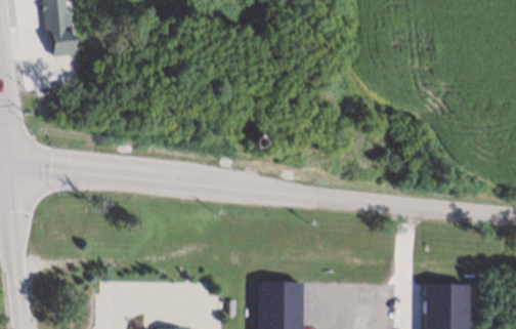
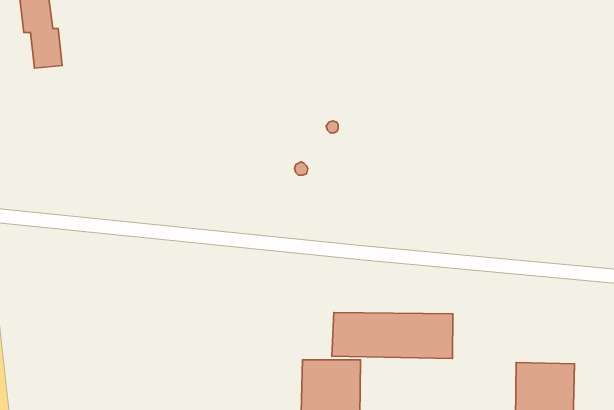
building: none -> [332,312,453,358]

